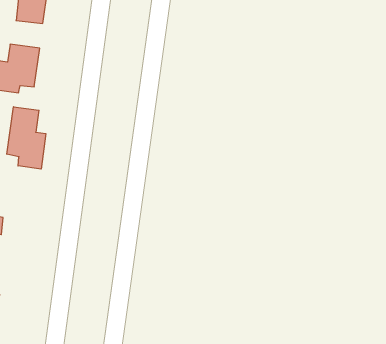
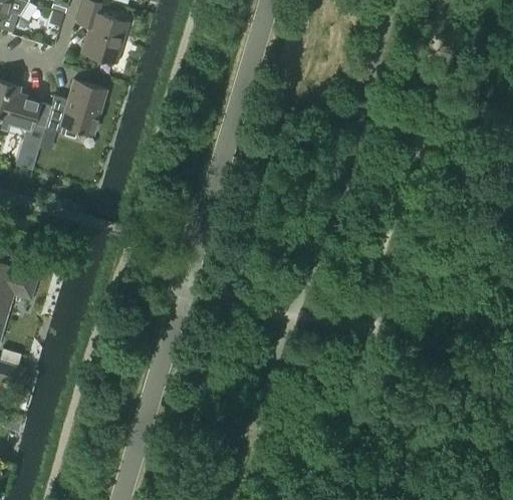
building: [7,107,46,169] -> none

